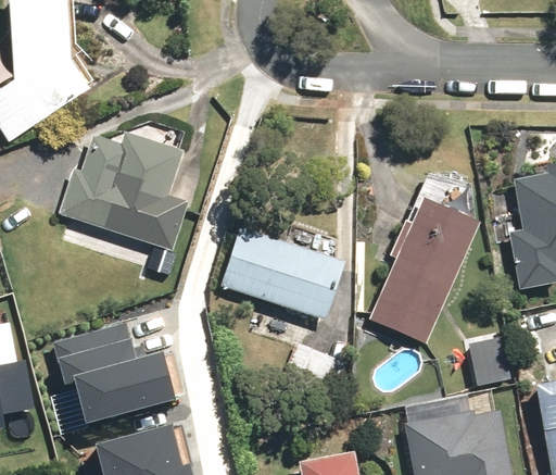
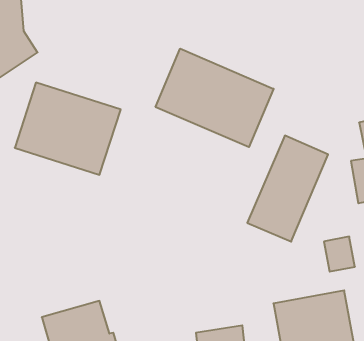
building: none -> [156,49,274,147]
building: [222,228,341,318] -> none
building: [53,320,176,420] -> none

